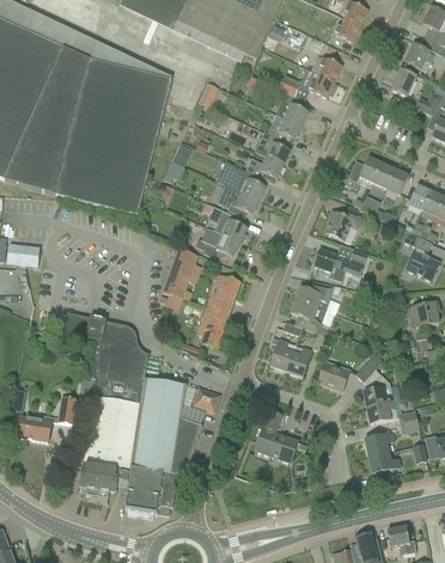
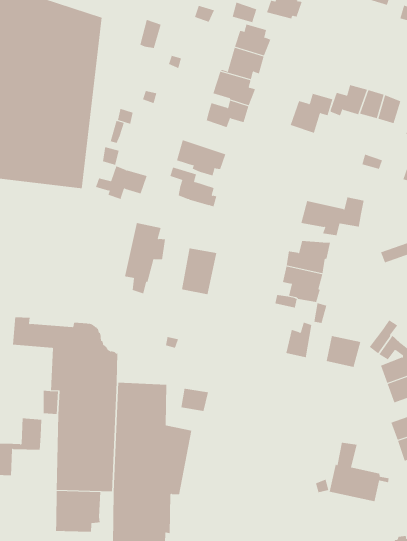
building: [224,165,264,201] -> none
building: [324,207,362,240] -> [290,93,333,134]
building: [195,230,239,258] -> [95,166,148,200]
building: [197,307,228,348] -> none
building: [270,336,295,371] -> none
building: [254,410,305,463] -> [329,442,390,502]

